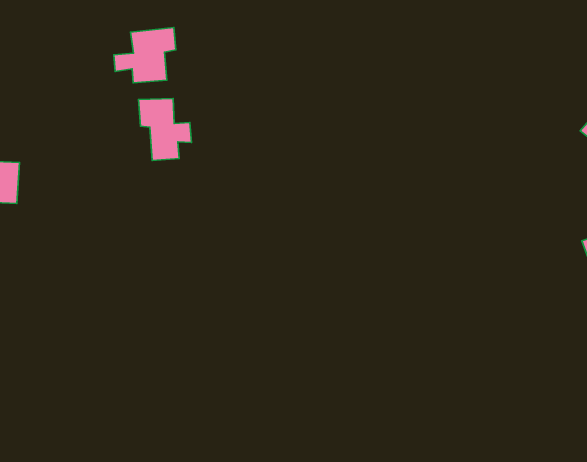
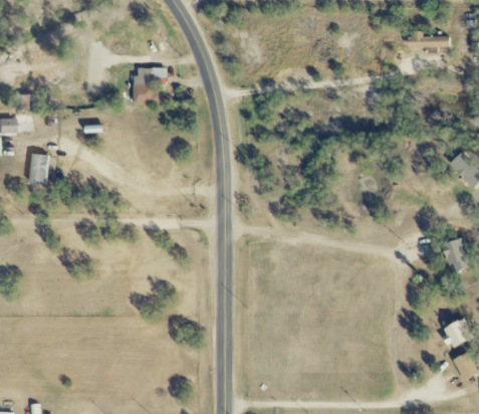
building: [139,98,191,161] -> none

